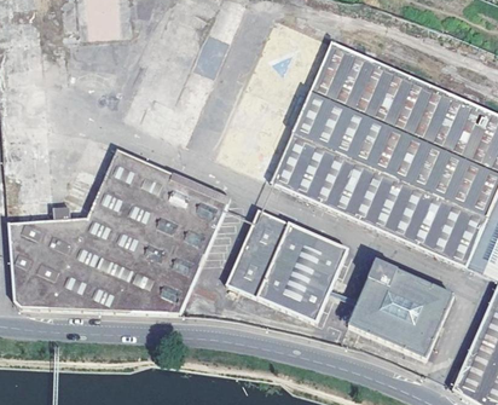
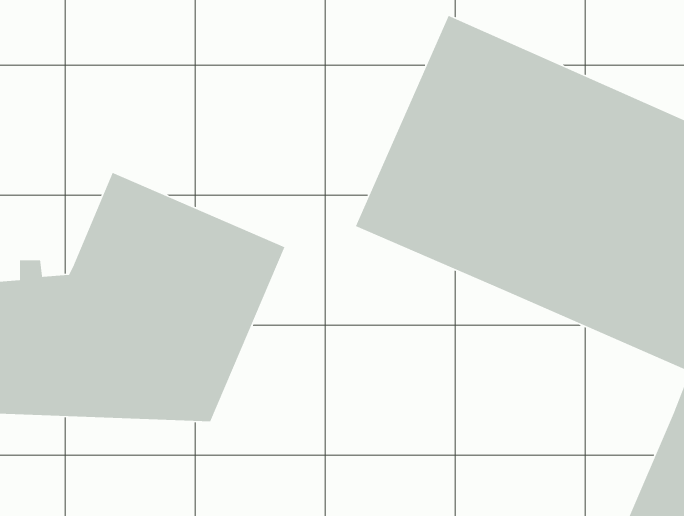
building: [225,209,347,323] -> none
building: [347,260,453,359] -> none

